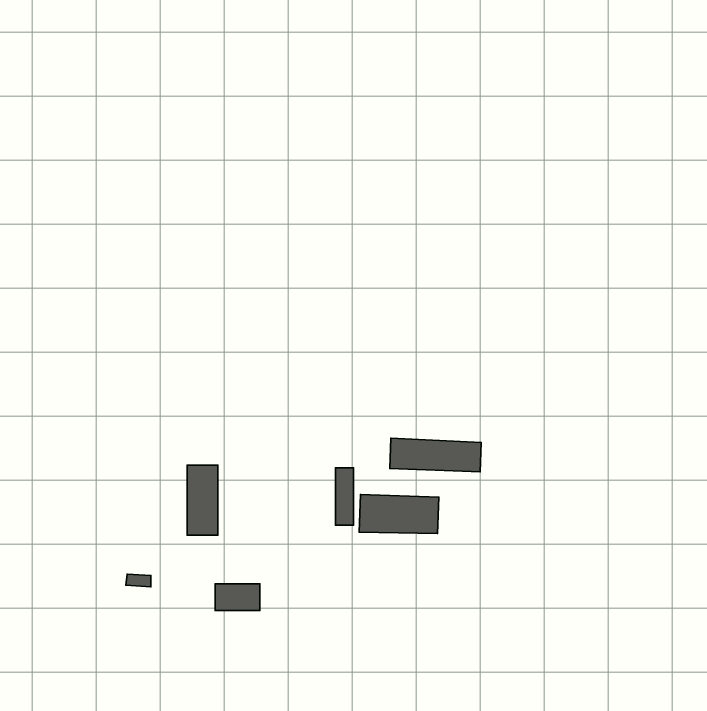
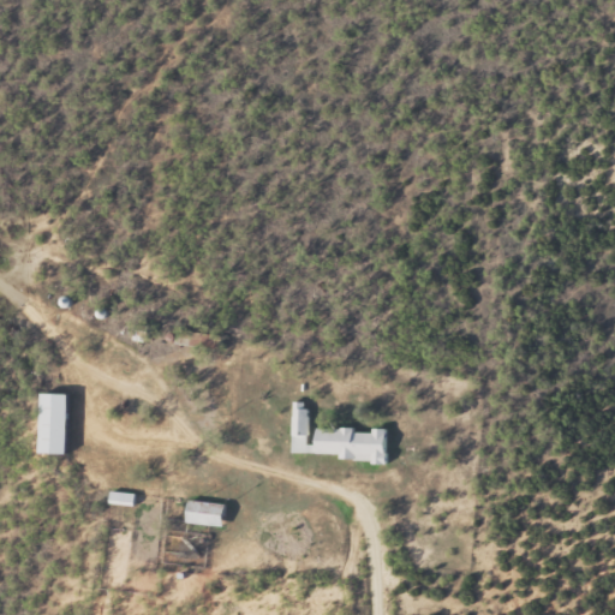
building: [390,438,481,472] -> none
building: [187,465,218,535] -> [43,394,70,454]

